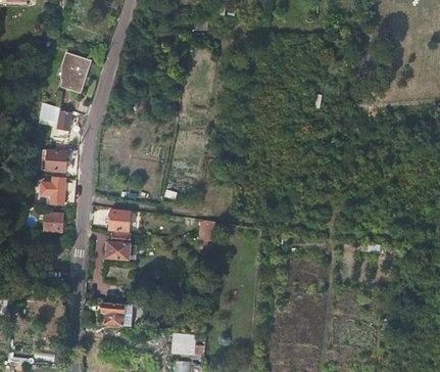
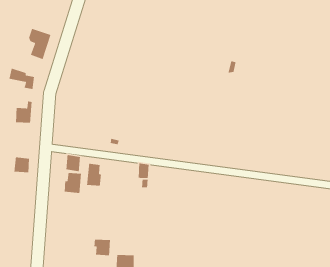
building: [40,178,65,206] -> none
building: none -> [86,163,102,186]
building: [101,303,123,324] -> [93,239,111,256]

